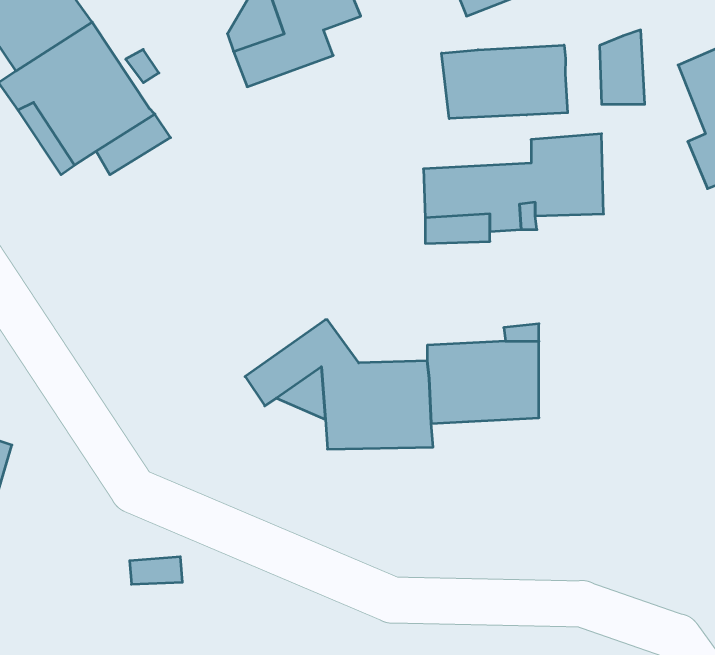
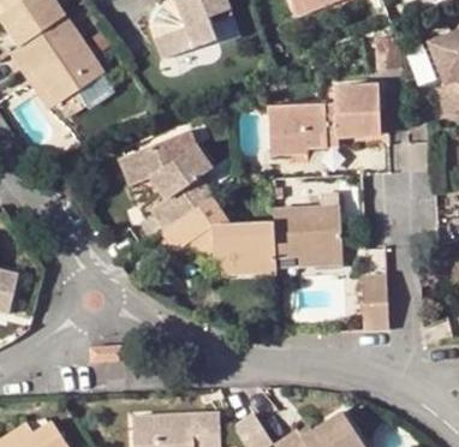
building: [442,45,568,119] -> none
building: none -> [115,130,210,231]
building: none -> [360,274,389,332]

